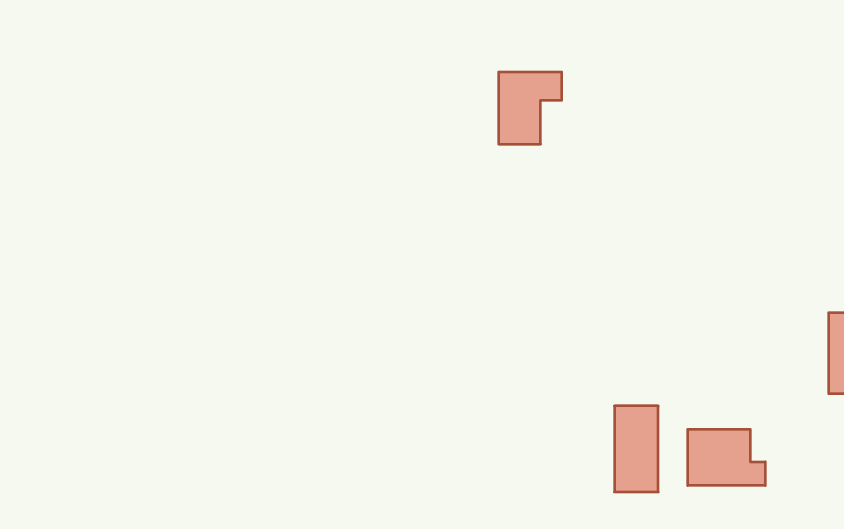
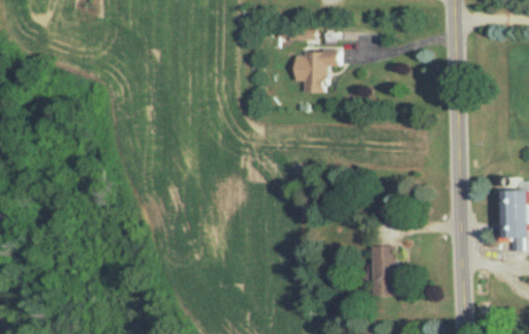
building: [688,429,765,486] -> none

